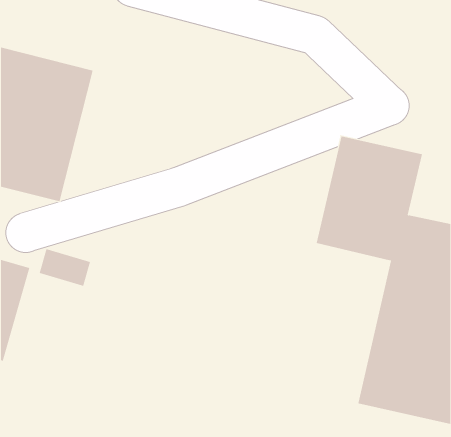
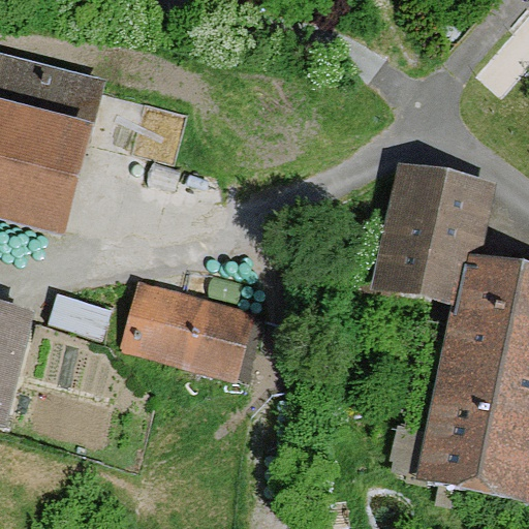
building: none -> [114,279,247,381]

